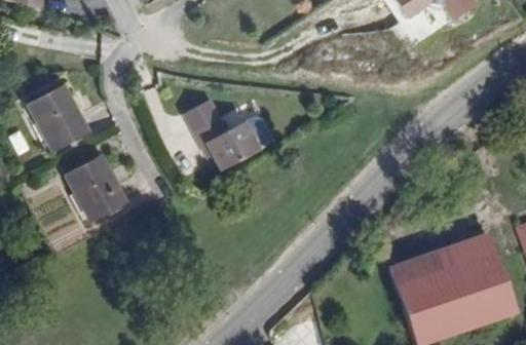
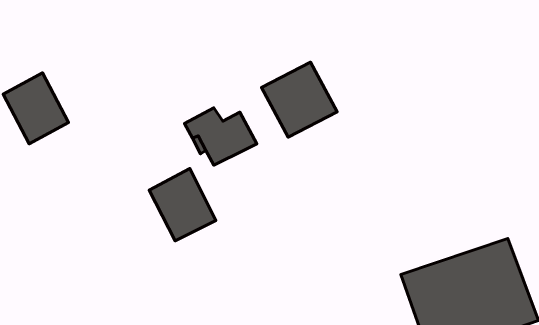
building: none -> [262,62,337,137]
building: [66,155,126,221] -> [149,169,216,241]

